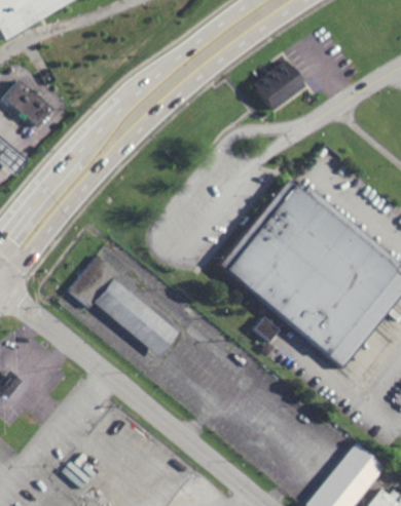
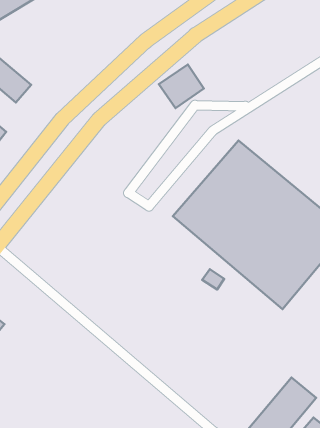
building: [254,57,306,108] -> [159,65,204,108]
building: [67,259,180,360] -> none

